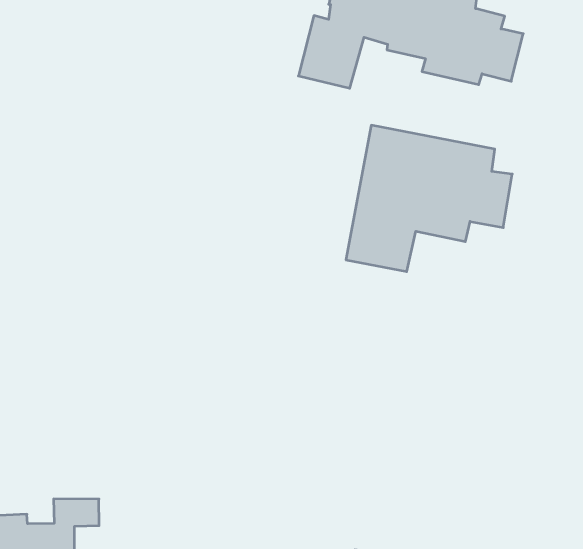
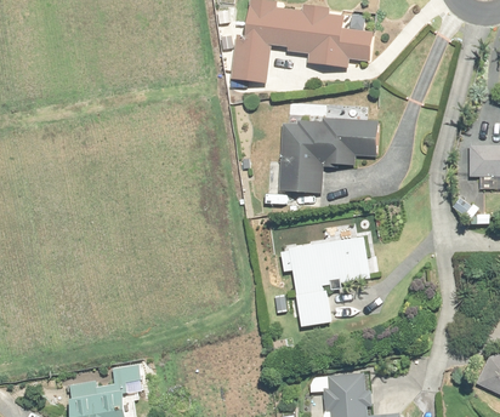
building: none -> [278,222,374,327]

